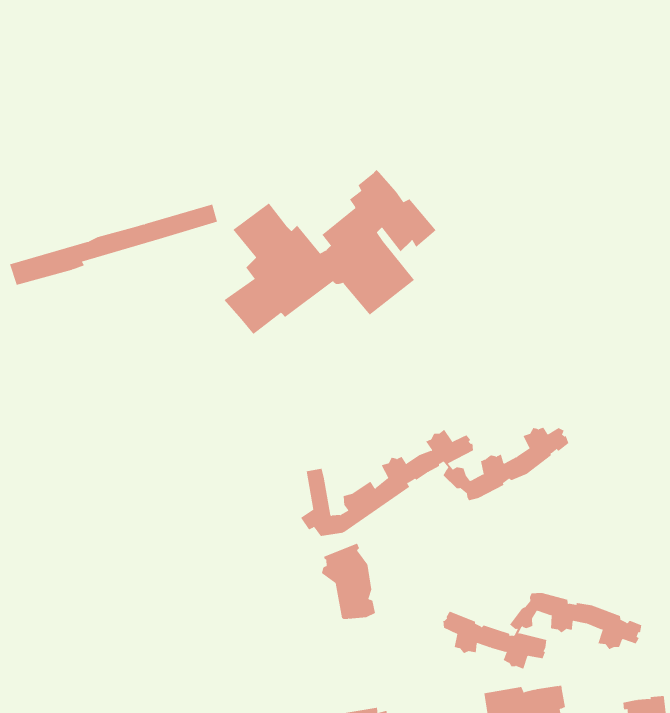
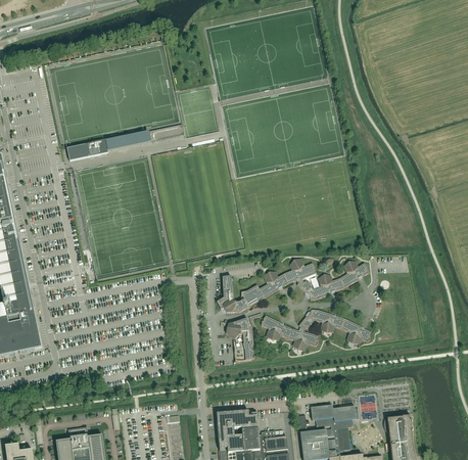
building: [224,169,436,335] -> none
building: [442,592,642,669] -> [262,309,372,351]

